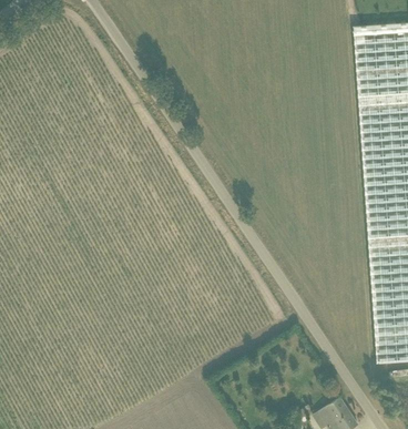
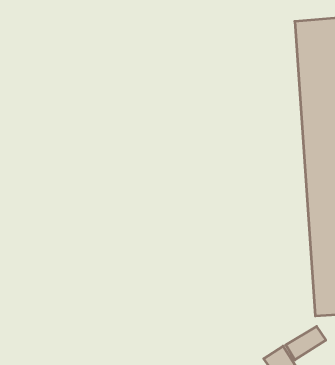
building: none -> [286,326,326,360]

